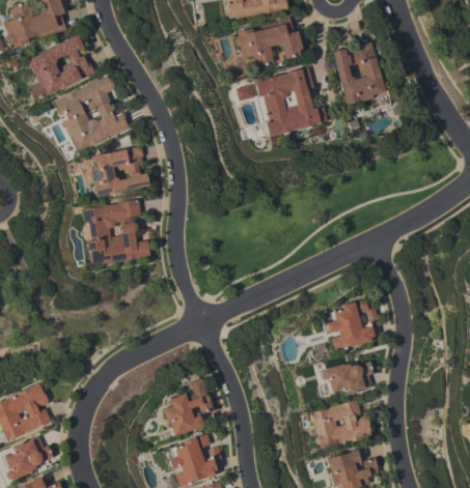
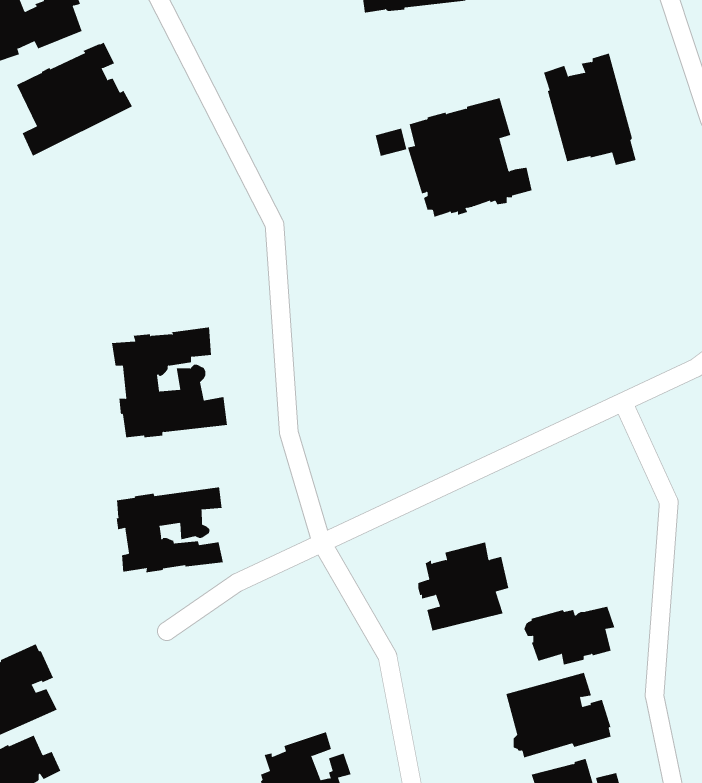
building: [234,16,303,66] -> none
building: [55,75,130,150] -> none
building: [90,145,150,197] -> none
building: none -> [116,487,223,573]
building: [327,298,380,350] -> [418,542,509,631]
building: [163,377,214,435] -> none

